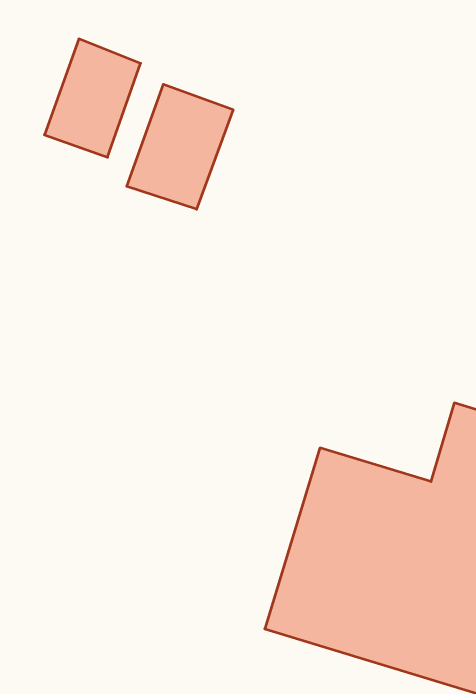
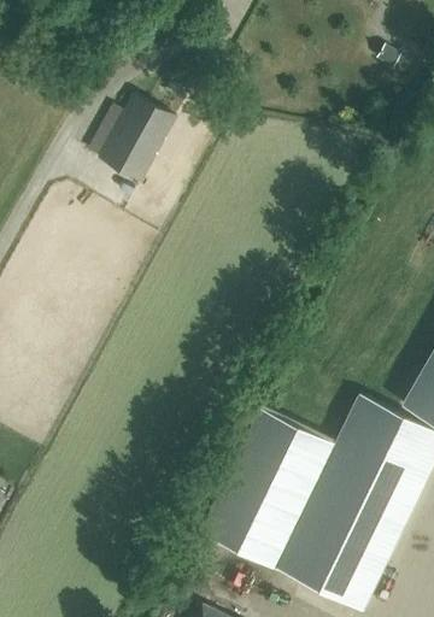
building: [127,84,233,209] -> none

